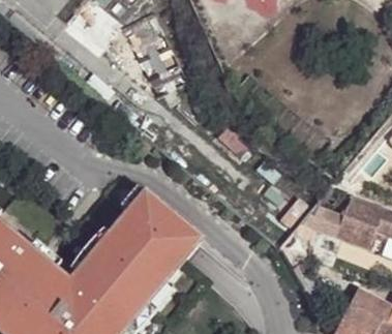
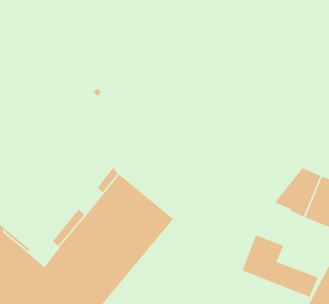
building: none -> [242,234,319,298]

